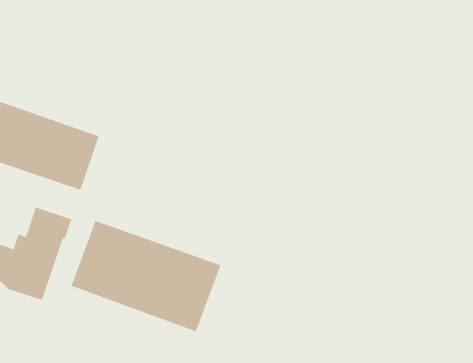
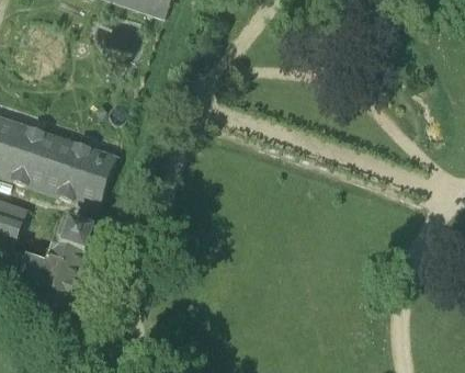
building: [71,220,221,332] -> none

